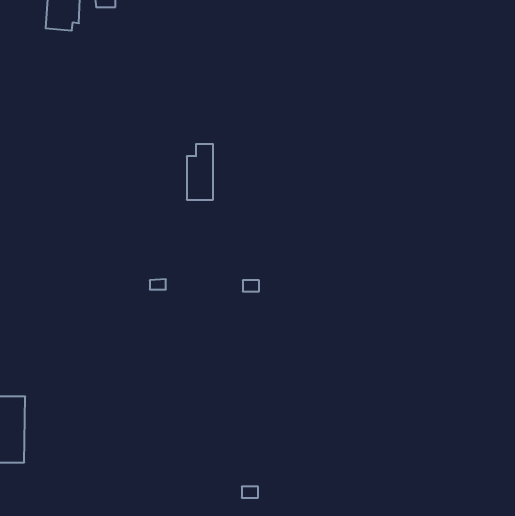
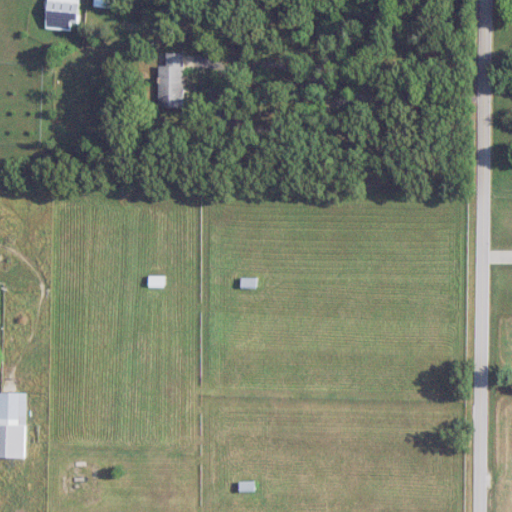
building: [187,144,213,200] -> [157,53,183,108]

